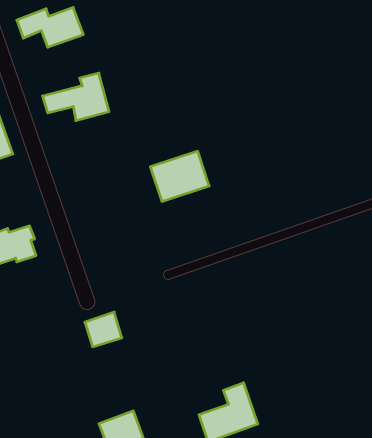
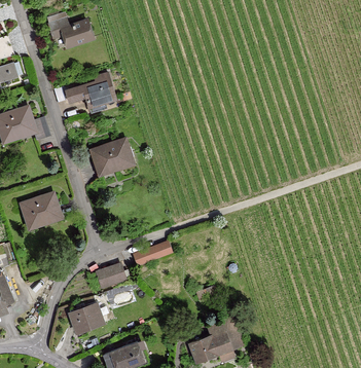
building: [150,151,209,201] -> [88,137,136,177]
building: none -> [133,242,165,266]
building: none -> [68,302,105,336]

